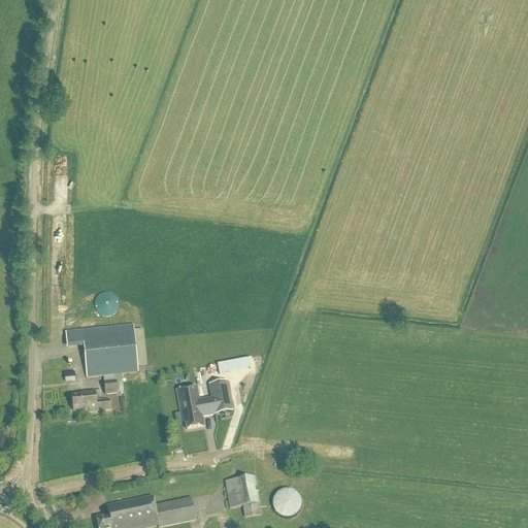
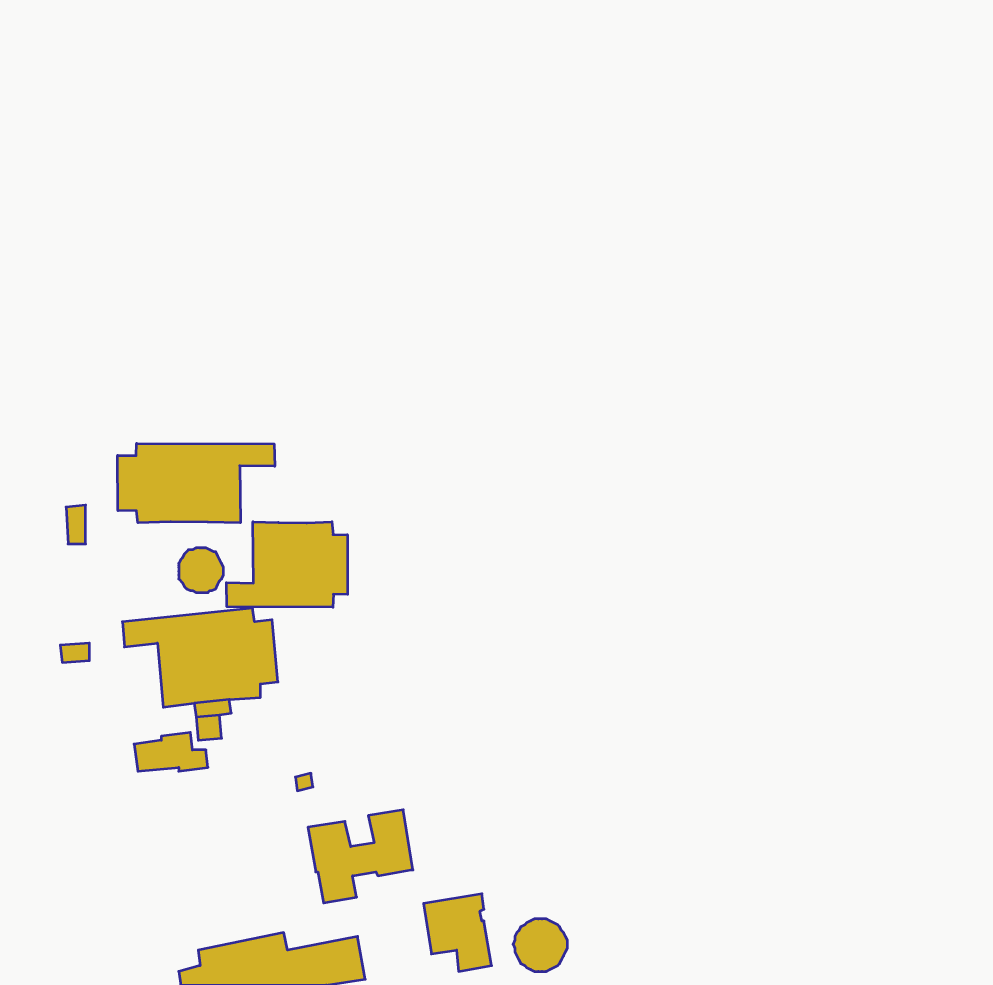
building: none -> [118,443,275,523]
building: none -> [226,522,348,607]
building: [176,378,232,428] -> [308,810,413,903]

